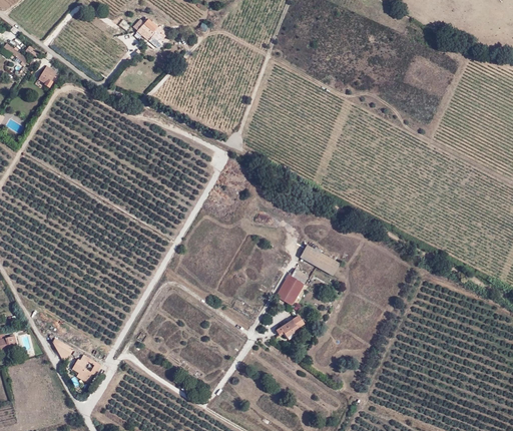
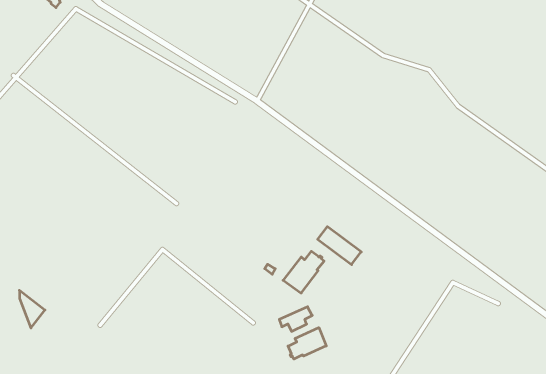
building: none -> [288,328,326,359]
building: [70,353,100,383] -> none

